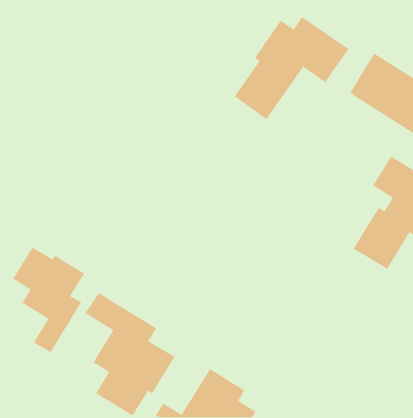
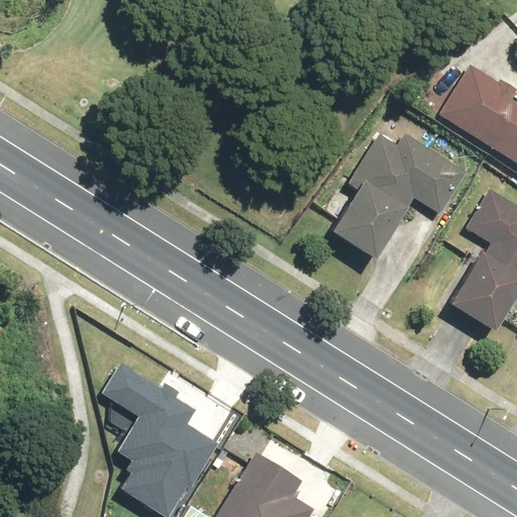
building: [234,16,349,120] -> [321,134,463,263]
building: [12,246,85,353] -> none

